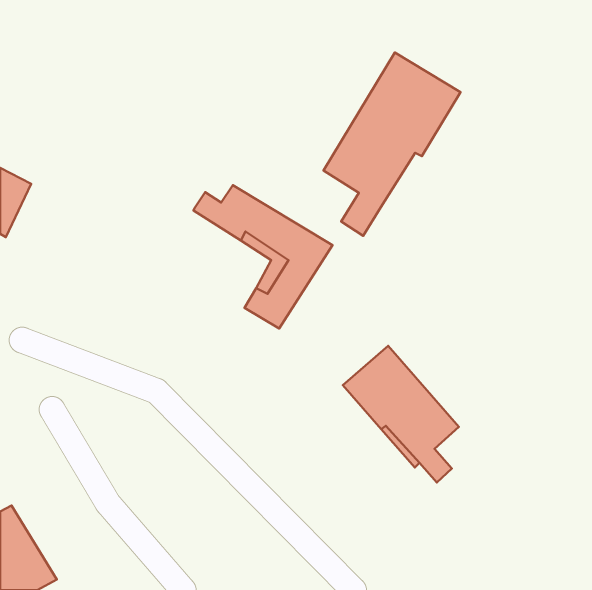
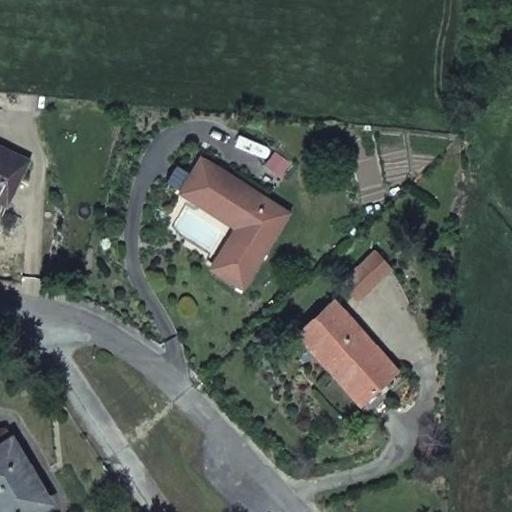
building: [323,53,460,236] -> none
building: none -> [350,256,397,302]

